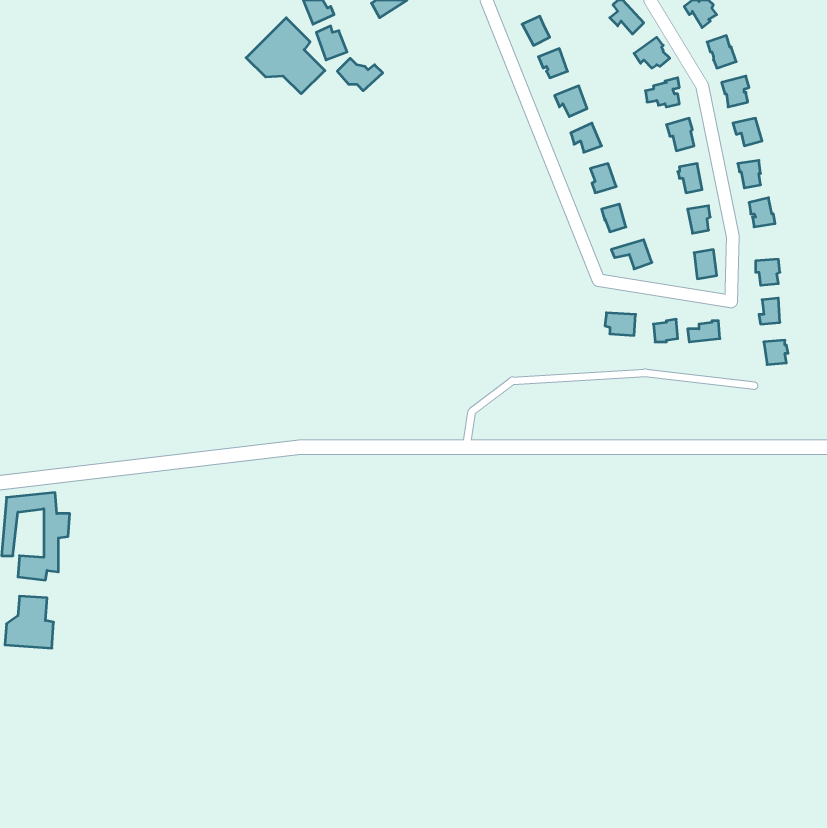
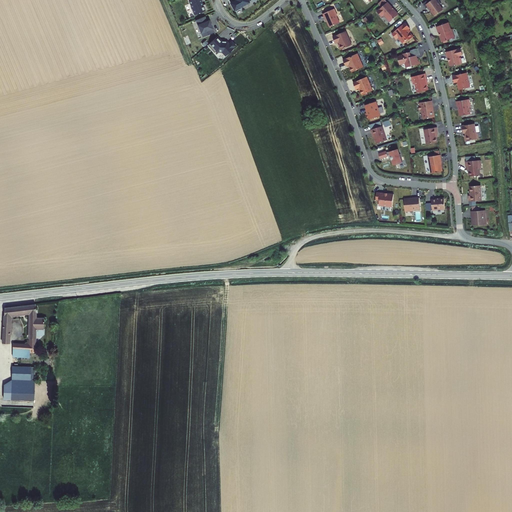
building: [246,18,325,94] -> none

